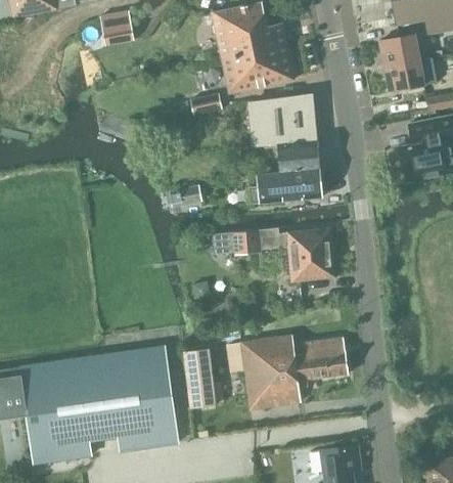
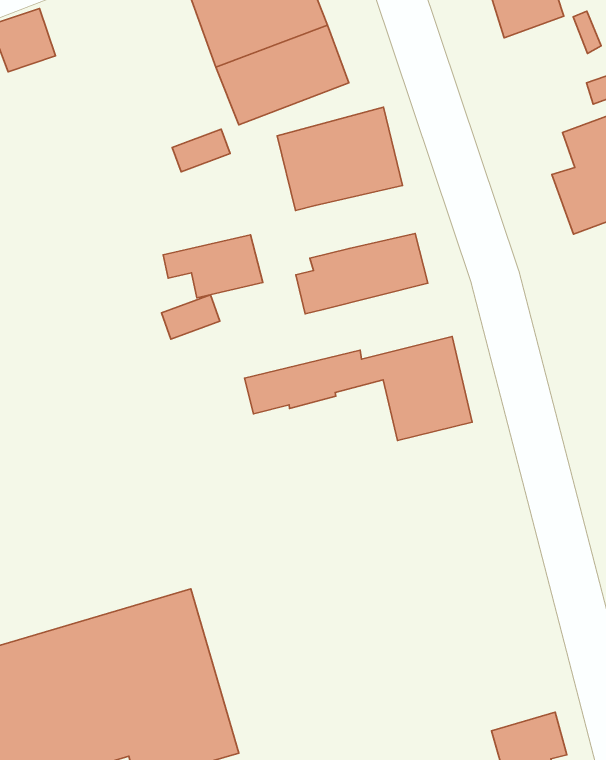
building: [383,58,423,91] -> none
building: [265,139,318,170] -> [163,235,263,298]
building: [231,334,348,408] -> none
building: [183,347,215,407] -> none

